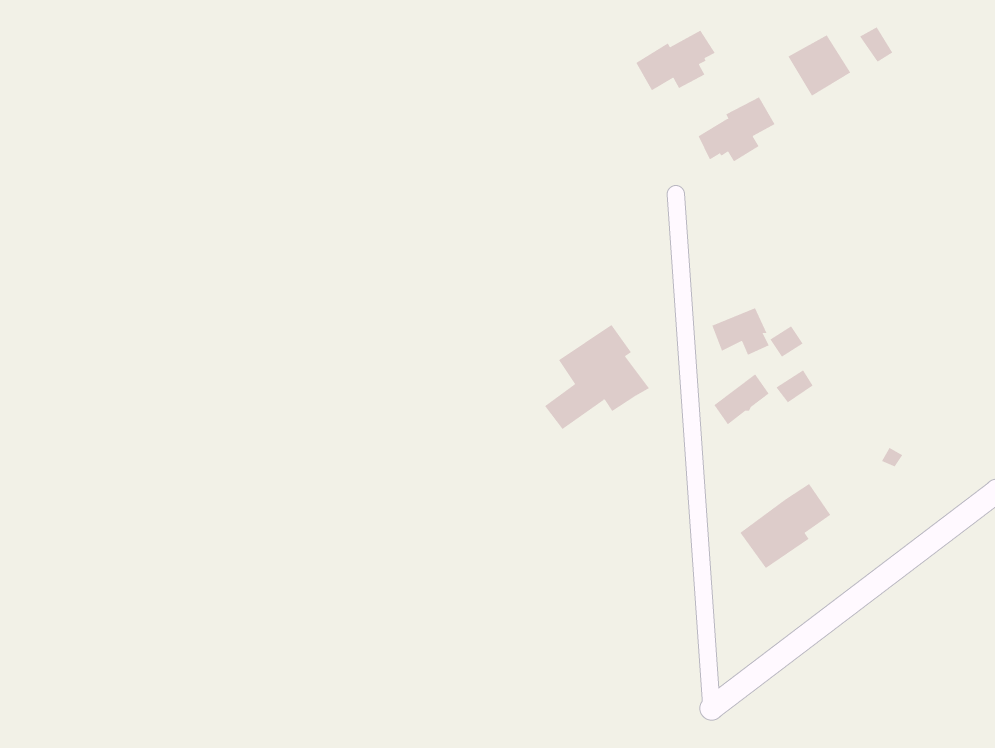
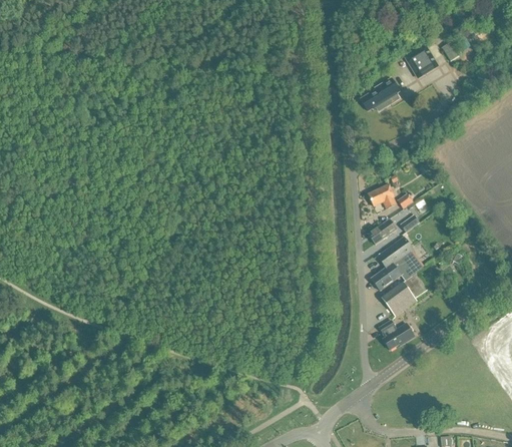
building: [636,30,715,91] -> none
building: [544,324,650,430] -> [371,237,424,290]
building: none -> [380,321,414,349]

